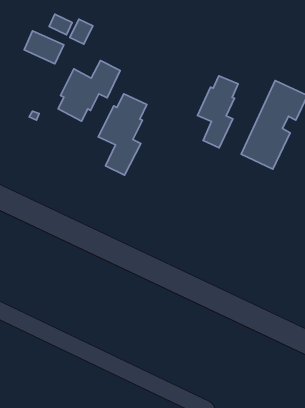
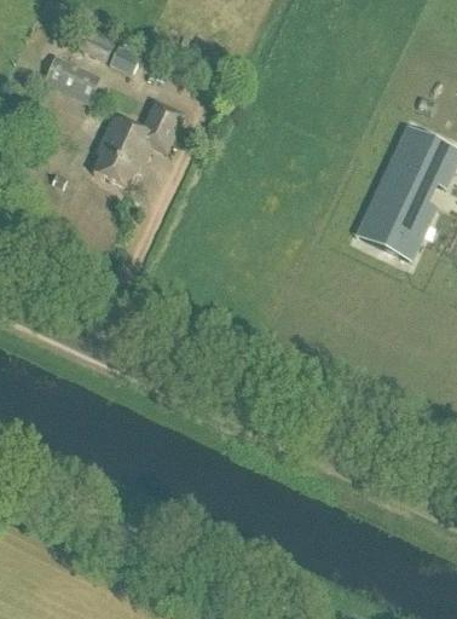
building: [197,76,238,148] -> none
building: [98,94,147,175] -> none

